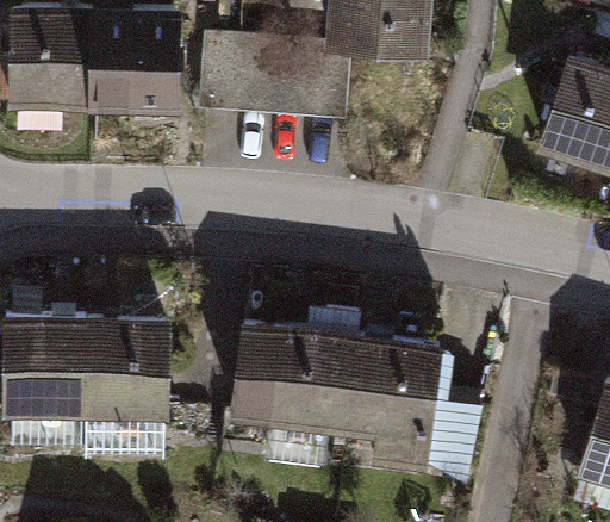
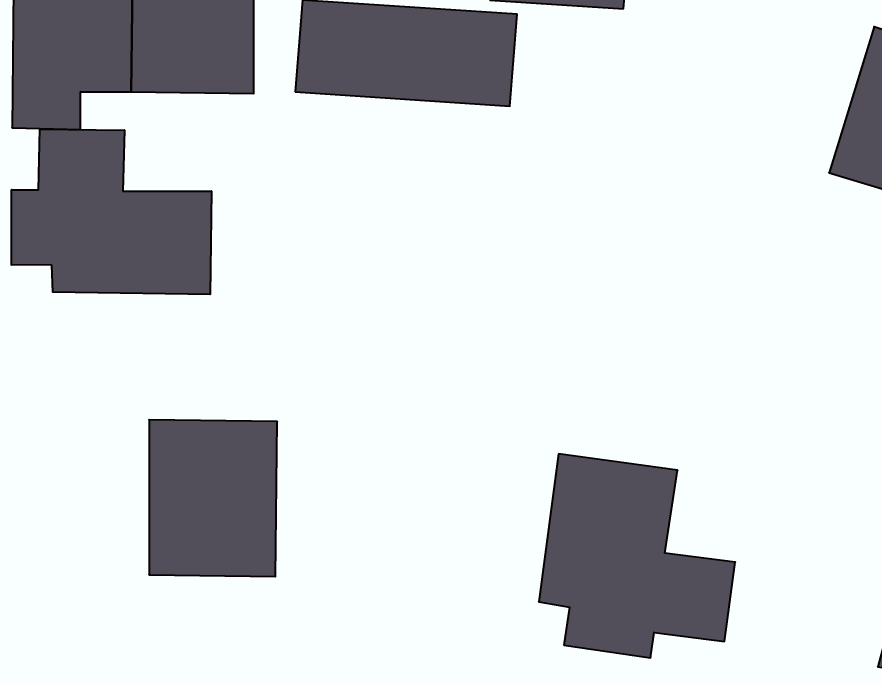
building: none -> [11,129,211,294]
building: [8,315,100,450] -> none
building: [232,319,371,466] -> none

